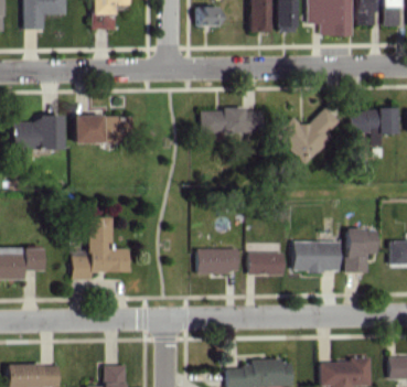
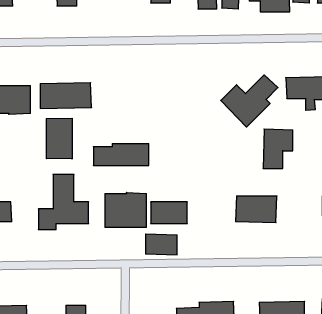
building: [202,108,264,132] -> [93,144,149,165]
building: none -> [46,118,72,159]
building: [346,228,379,272] -> [263,129,293,168]
building: none -> [105,192,146,227]
building: [249,251,285,275] -> [146,234,177,255]

